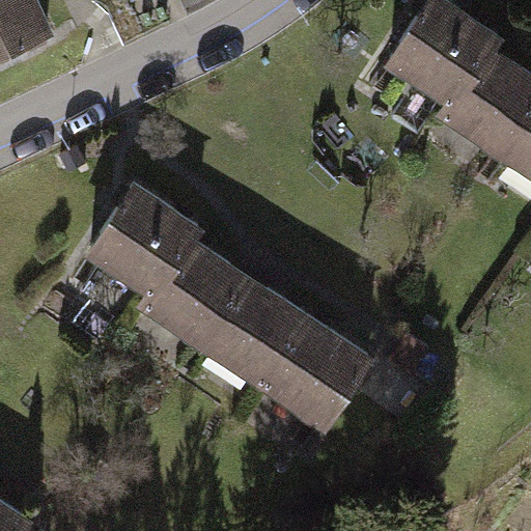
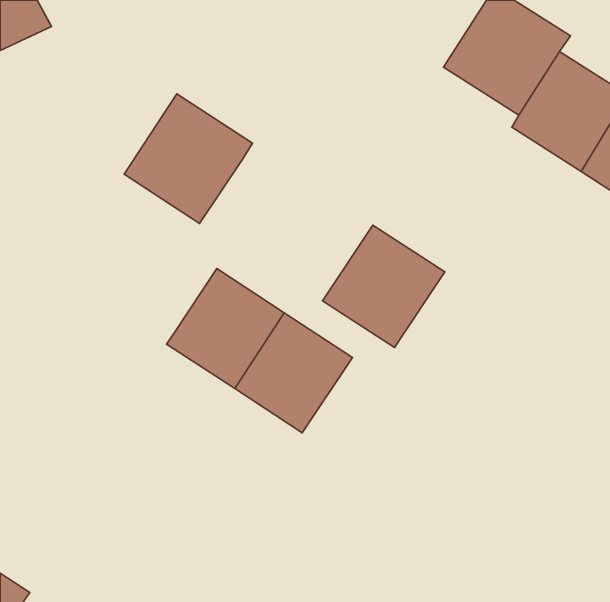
building: [87,186,198,298] -> [124,94,252,223]
building: [263,318,369,424] -> [322,225,445,348]

